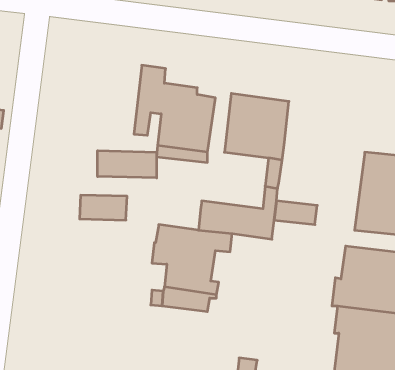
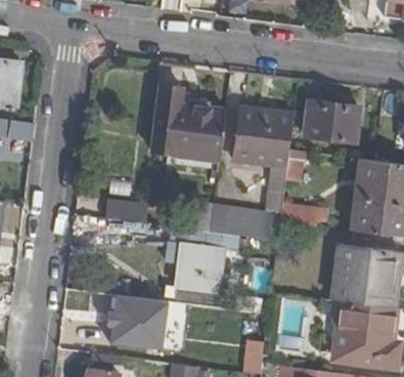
building: none -> [305,99,360,140]
building: [98,151,157,178] -> none
building: none -> [102,293,167,351]

